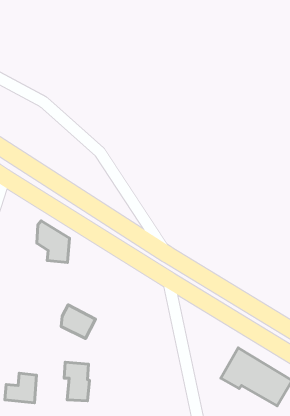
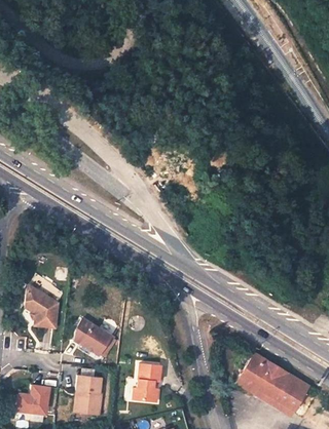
building: [37,221,70,263] -> [24,284,57,326]
building: none -> [137,361,159,398]

